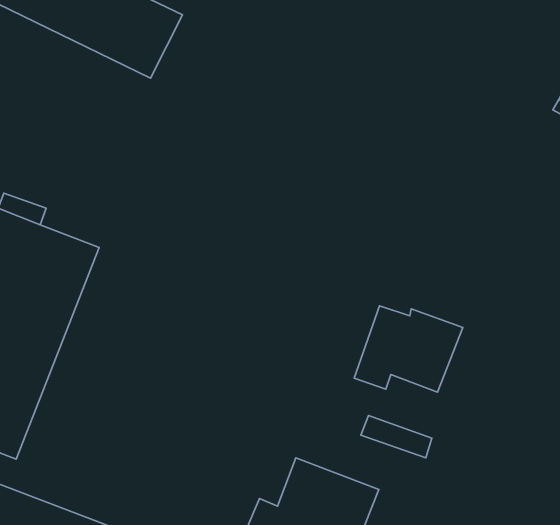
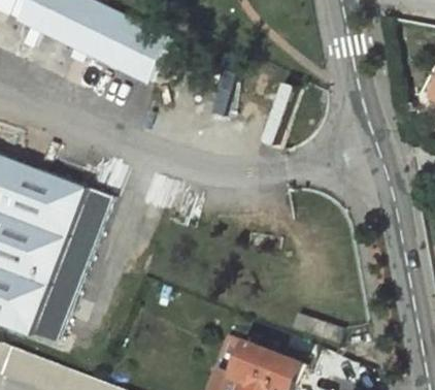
building: [354,306,463,392] -> none

